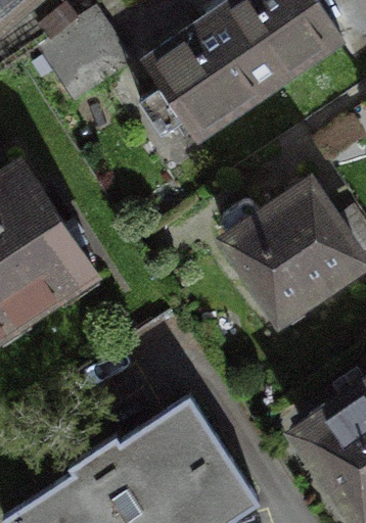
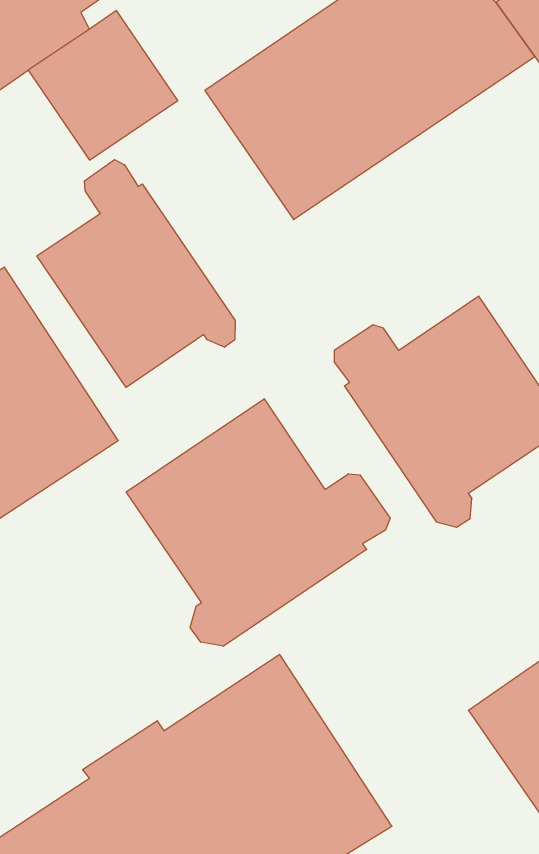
building: none -> [37,160,235,387]
building: none -> [126,399,390,646]

